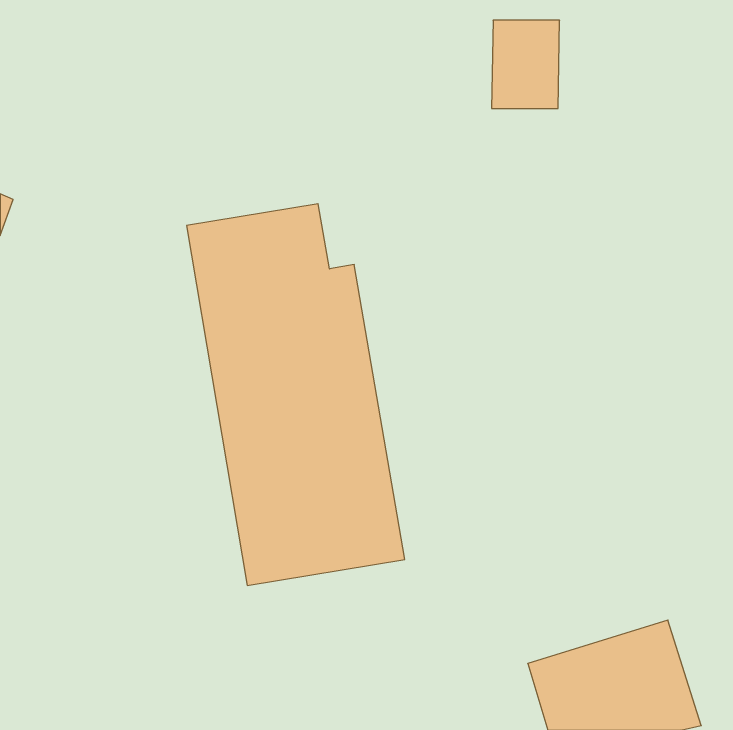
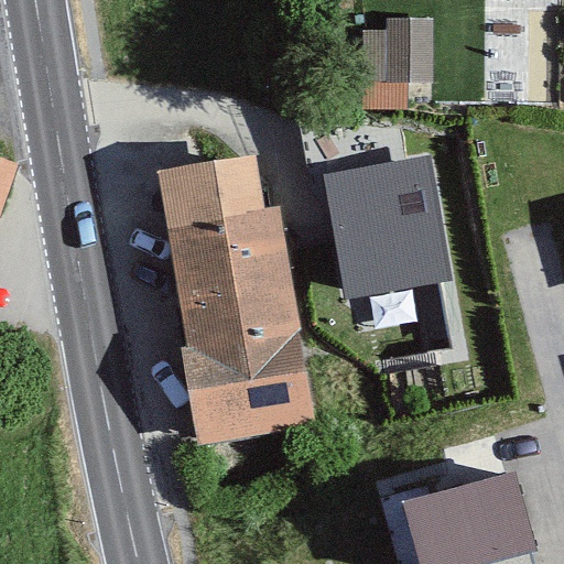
building: none -> [329,155,456,301]

